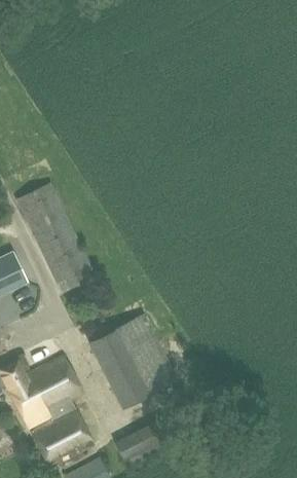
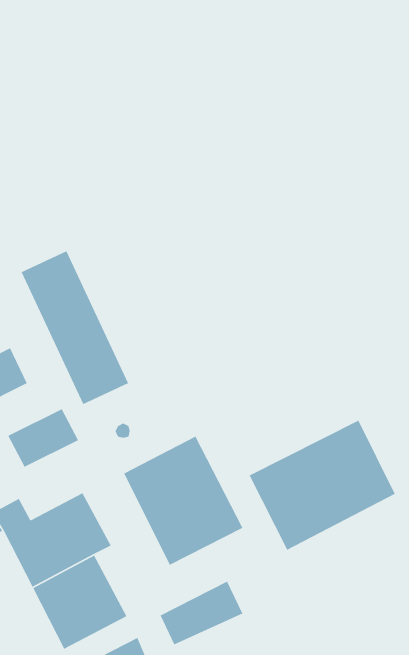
building: none -> [7,408,79,468]
building: none -> [248,420,396,551]

